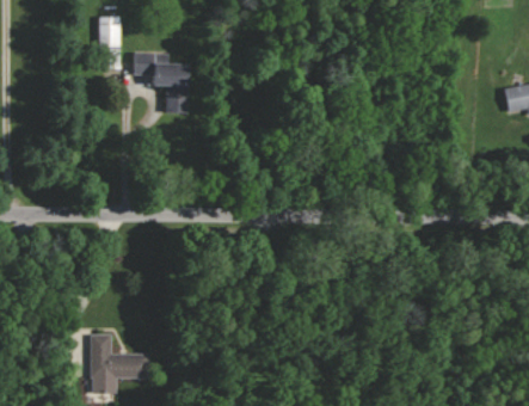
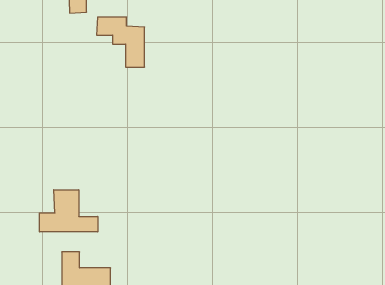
building: none -> [40,190,98,232]

